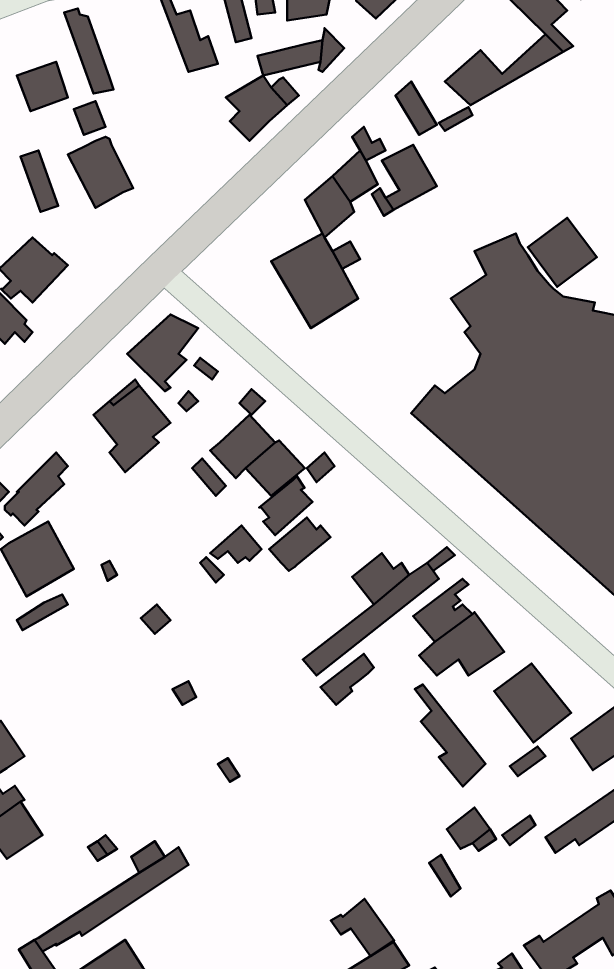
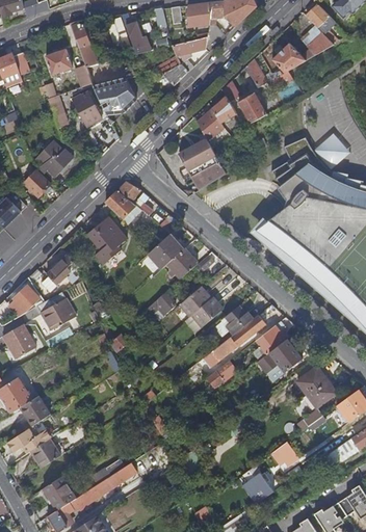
building: none -> [93,78,136,124]
building: [259,476,313,535] -> [192,297,220,328]
building: [415,684,485,787] -> none
building: none -> [42,476,74,510]
building: [331,899,394,956] -> [237,467,270,497]

